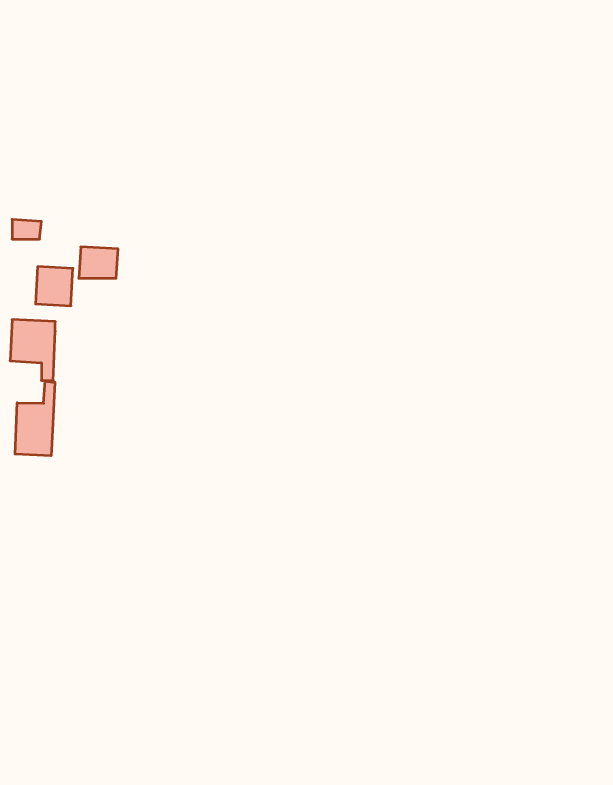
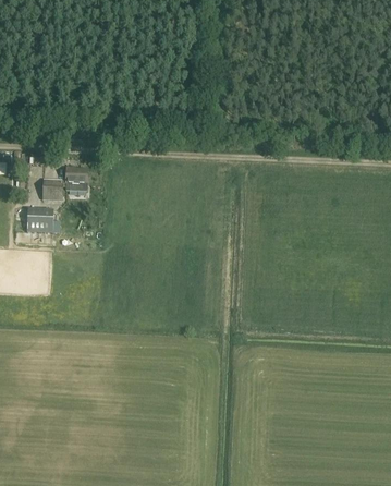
building: [15,381,55,456] -> none

